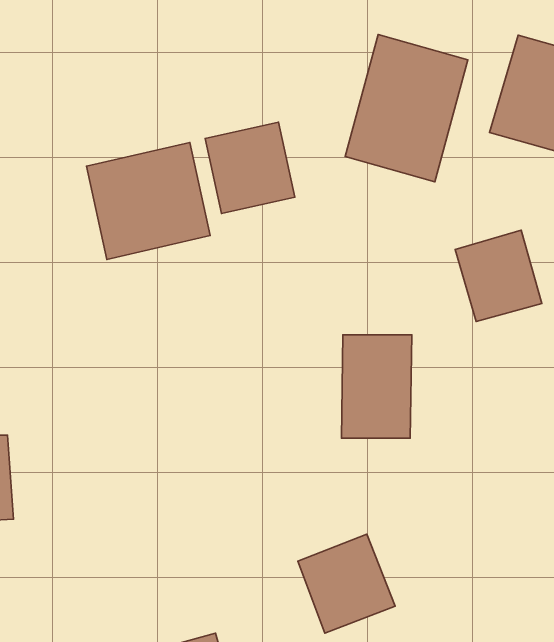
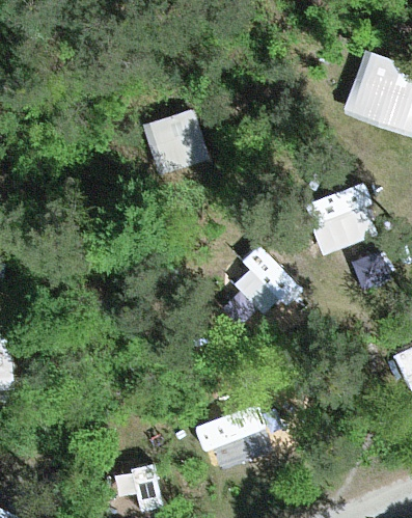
building: [345,35,468,182] -> none
building: [86,142,210,259] -> none

